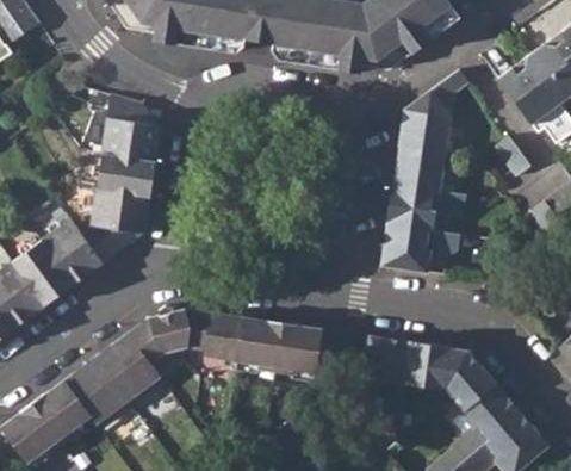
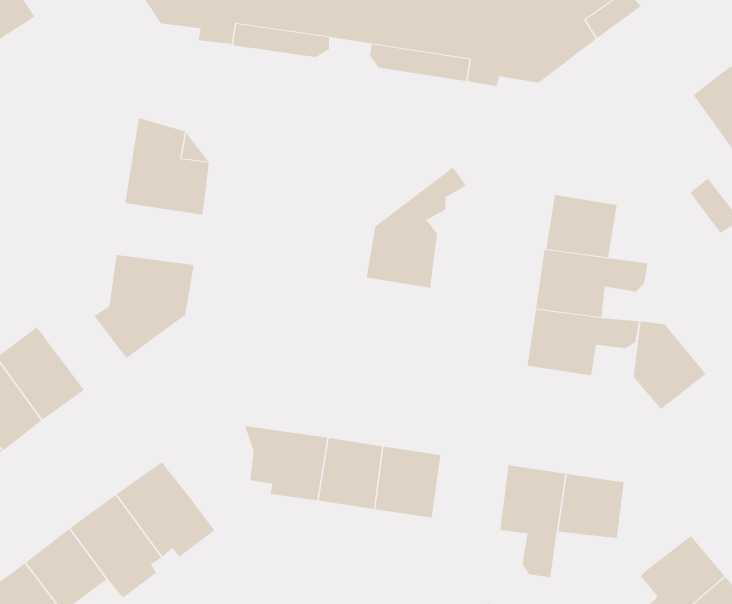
building: [399,69,470,154] -> [366,167,467,288]
building: [95,153,156,196] -> none
building: [41,217,103,283] -> none
building: [128,304,191,361] -> none
building: [445,347,496,409] -> [633,321,707,410]

